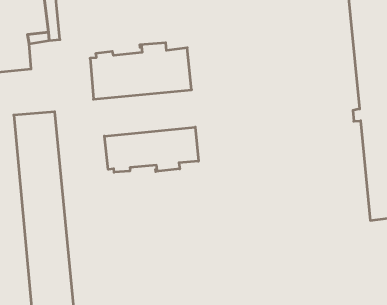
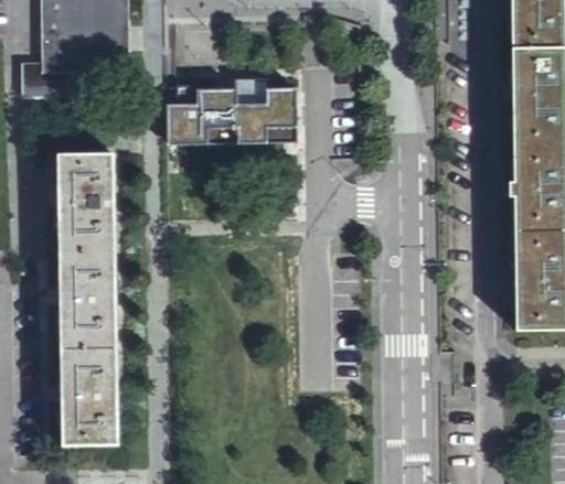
building: [104,127,198,172] -> none

